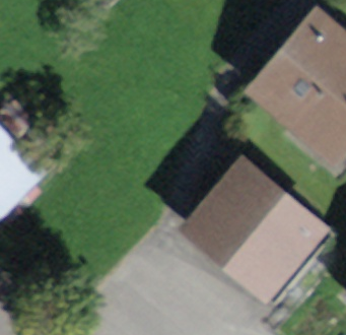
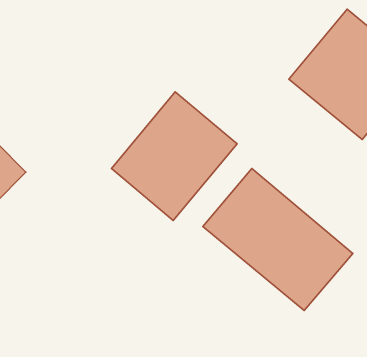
building: none -> [111,92,237,220]

